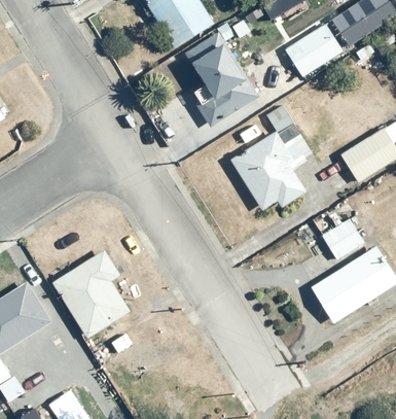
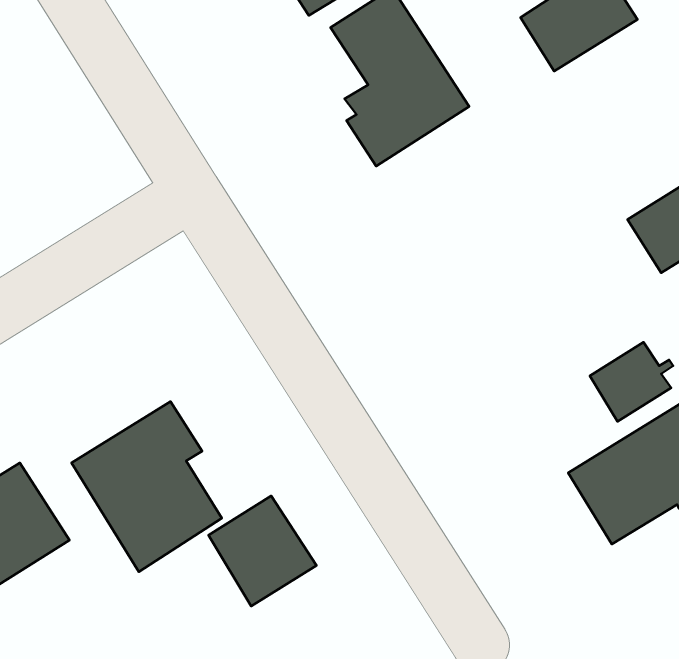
building: [229,105,314,210] -> none
building: none -> [209,496,317,606]

